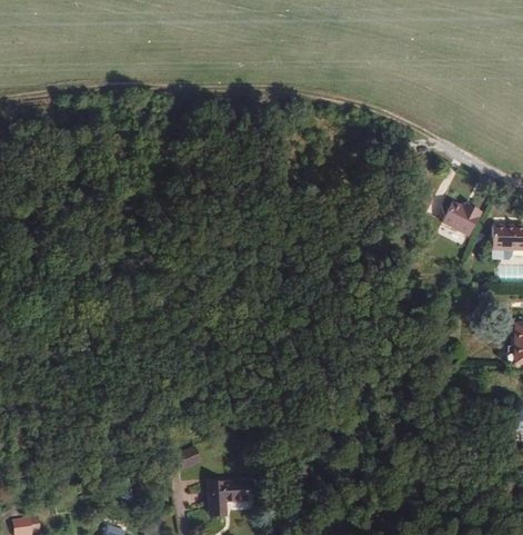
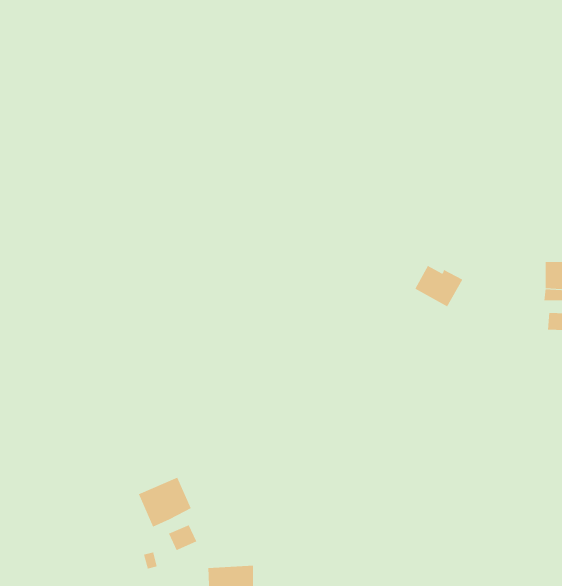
building: [441,200,482,236] -> [414,265,463,307]
building: none -> [138,477,192,527]

